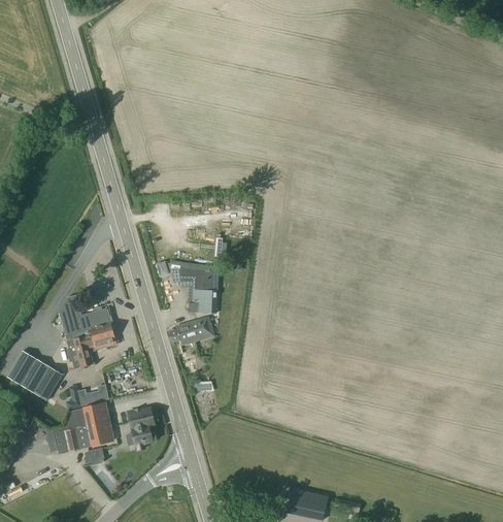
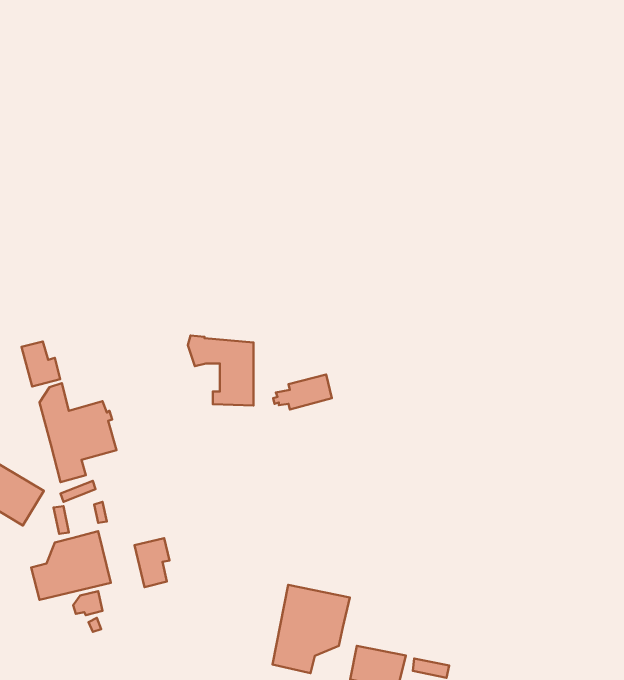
building: none -> [21,341,60,386]
building: [169,317,212,342] -> [273,374,332,409]
building: none -> [272,585,350,673]

